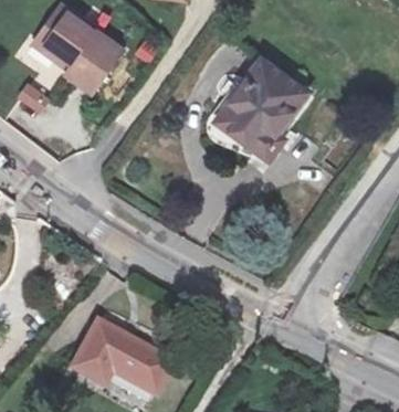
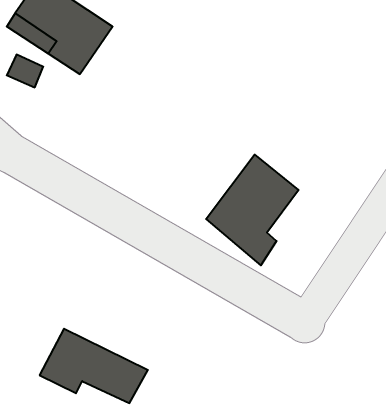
building: [222,54,306,155] -> [206,155,299,265]

